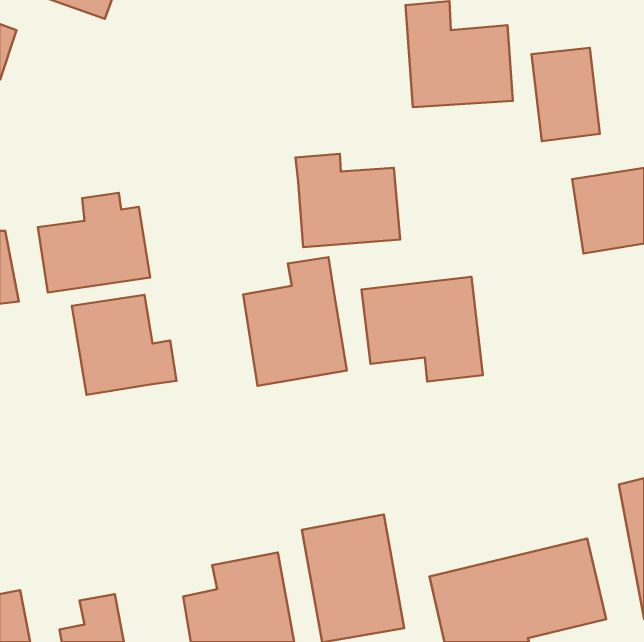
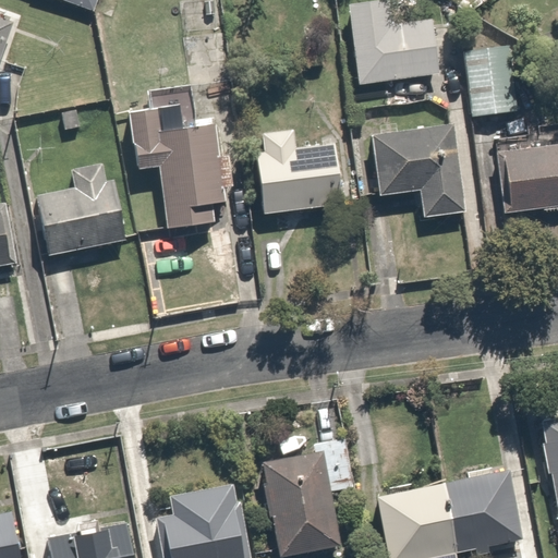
building: none -> [125,100,233,232]
building: [243,257,347,386] -> none
building: [362,277,483,381] -> [366,126,471,217]
building: [72,295,176,395] -> none

